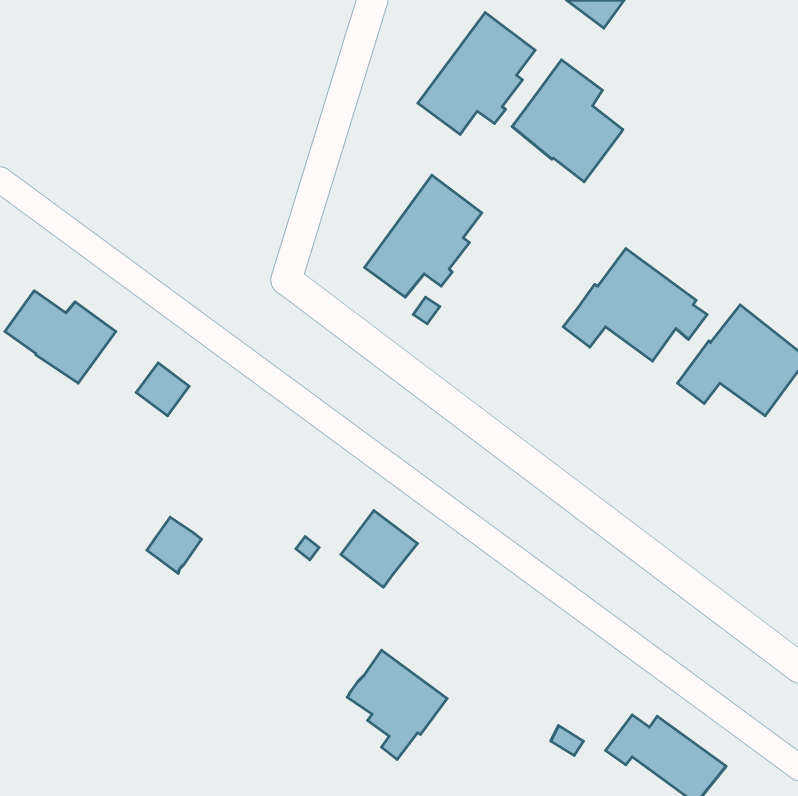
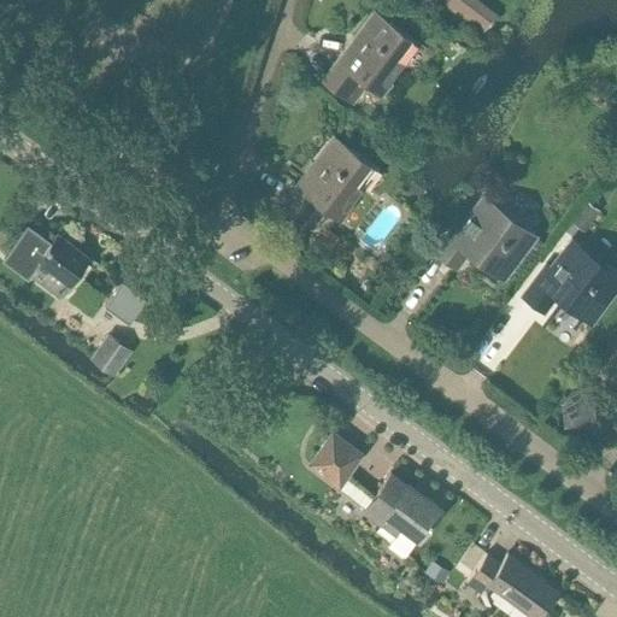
building: [512,60,623,182] -> none
building: [341,511,418,587] -> [306,429,365,488]
building: [147,517,201,573] -> [90,334,133,377]
building: [347,650,447,760] -> [364,474,441,558]

